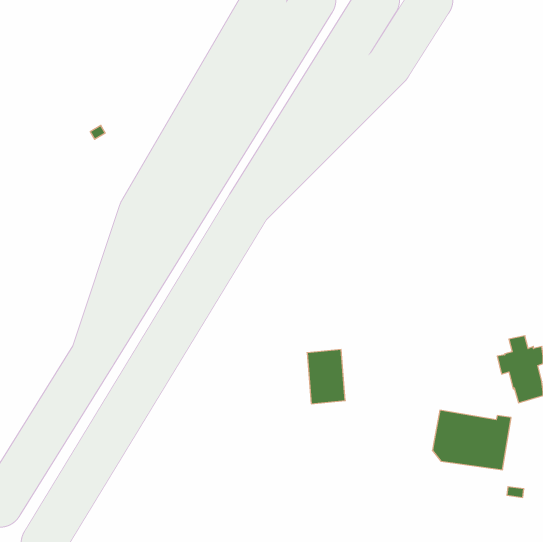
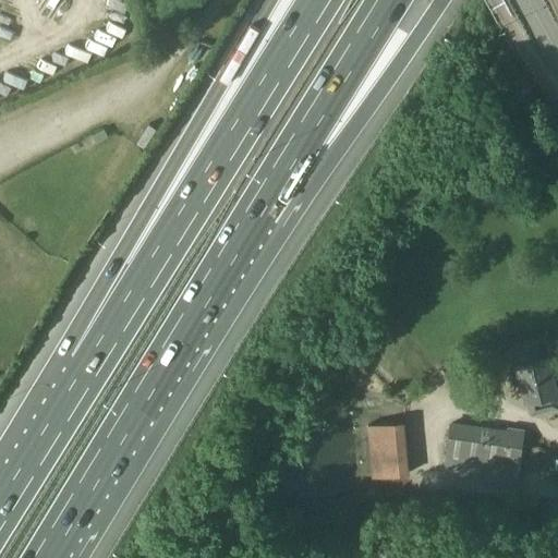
building: [307,350,345,404] -> [368,420,408,475]

